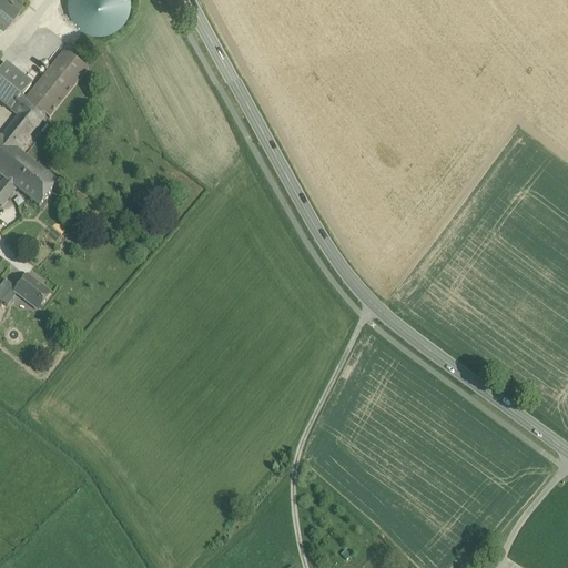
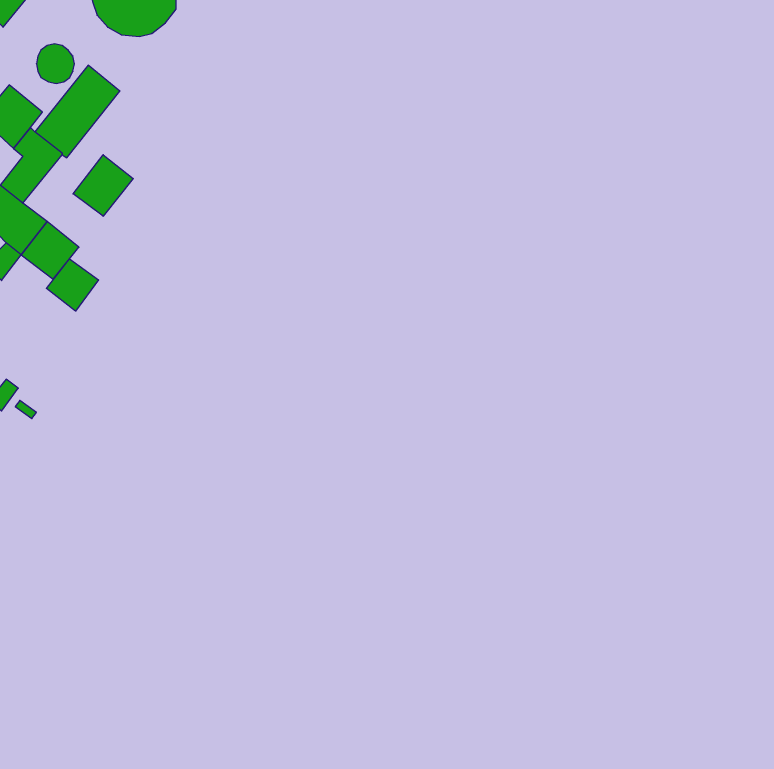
building: none -> [73,155,133,216]
building: none -> [46,259,99,311]
building: [14,274,50,308] -> none

